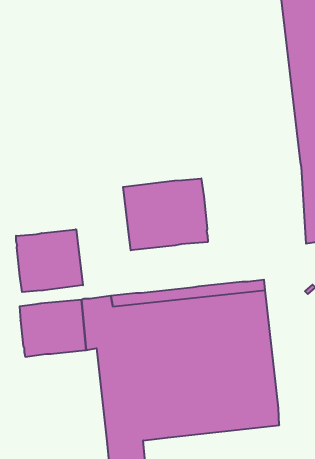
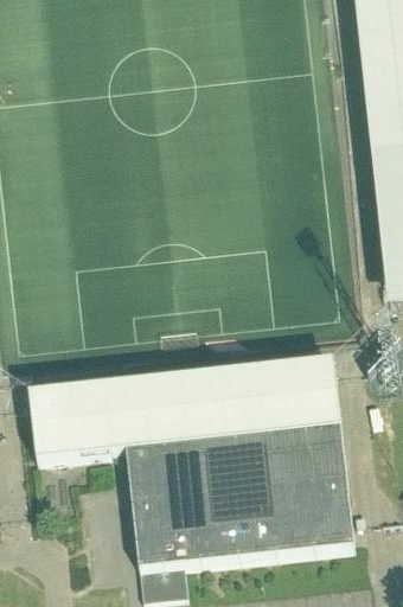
building: [123,178,208,250] -> none
building: [16,229,83,292] -> none

